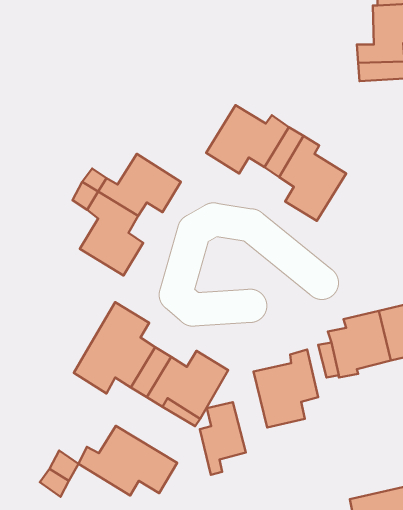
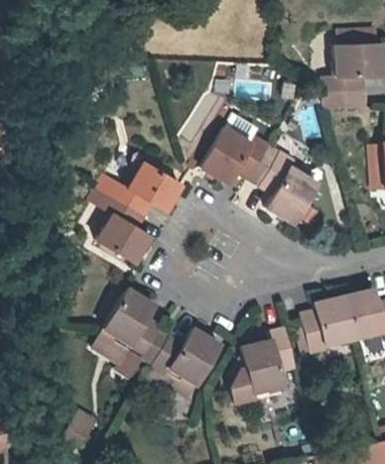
building: [200,402,246,475] -> none
building: [79,426,177,495] -> none

